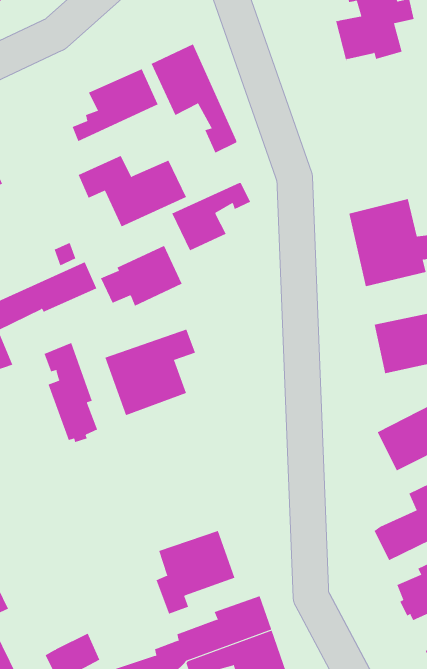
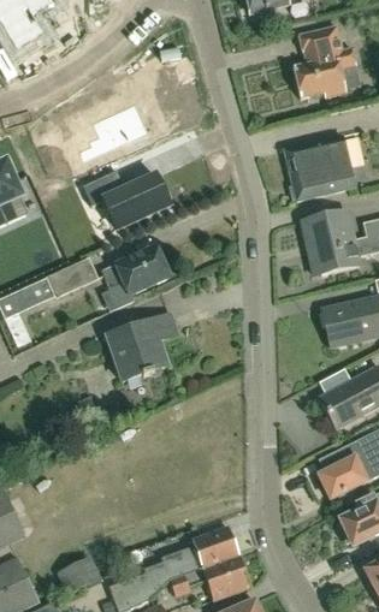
building: [151,44,237,153] -> none
building: none -> [280,133,355,200]
building: [172,182,251,251] -> none
building: [44,342,98,443] -> none
building: [156,530,235,614] -> none

